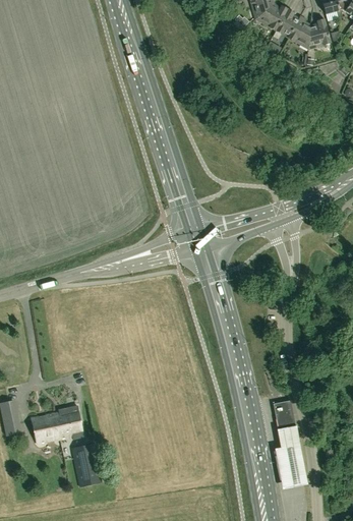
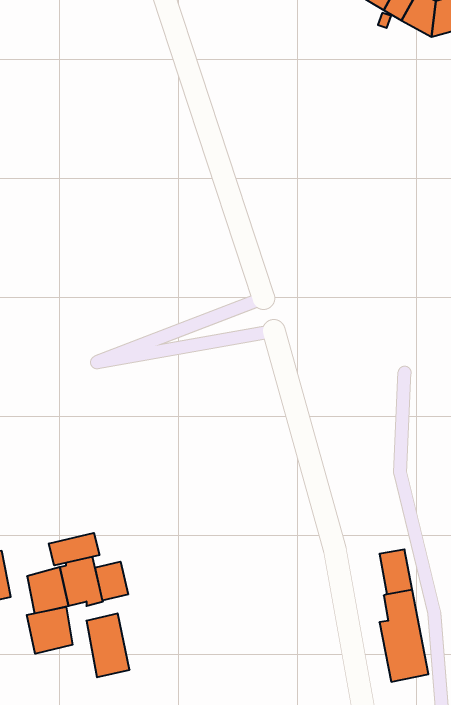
building: none -> [49,533,99,565]
building: none -> [95,562,128,601]
building: none -> [27,607,73,654]

